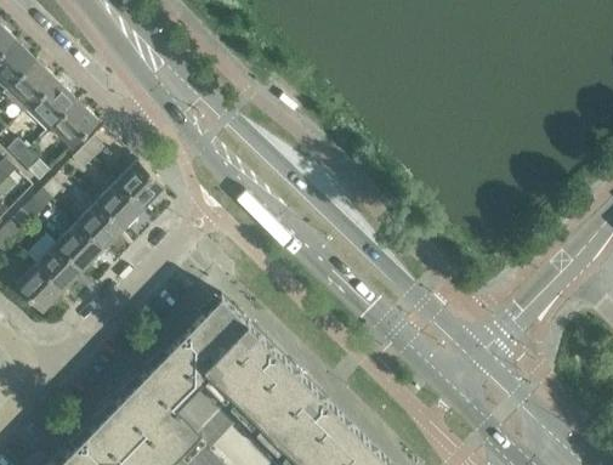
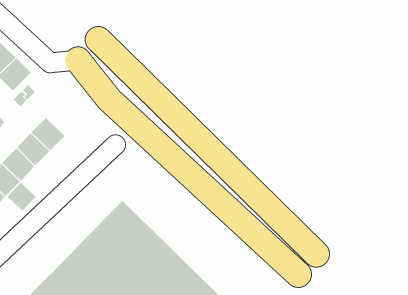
building: [117,164,164,211] -> none
building: none -> [7,182,37,211]

